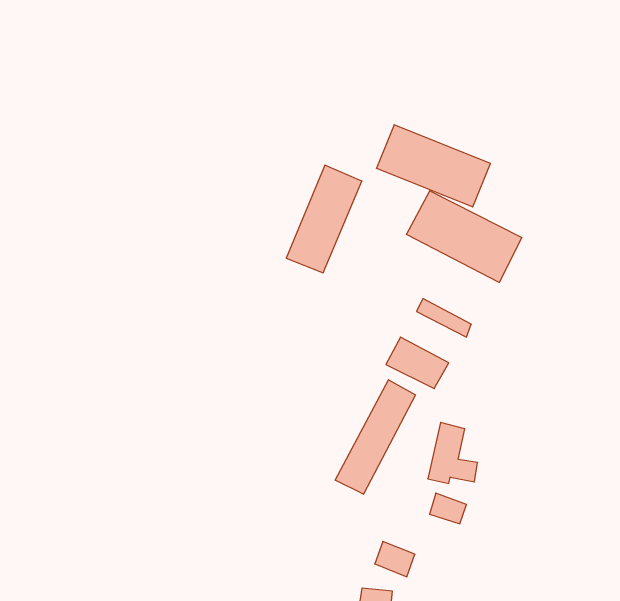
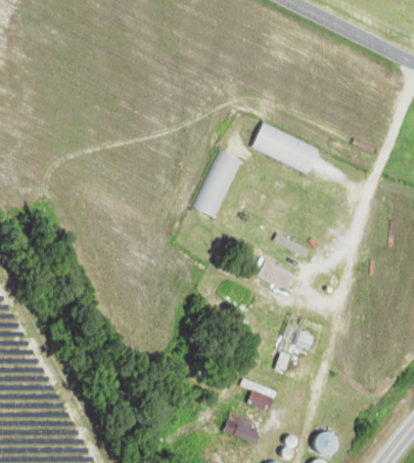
building: [406,191,522,282] -> none
building: [335,380,415,494] -> none

